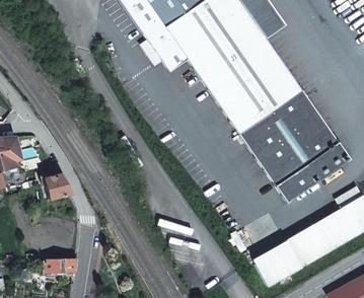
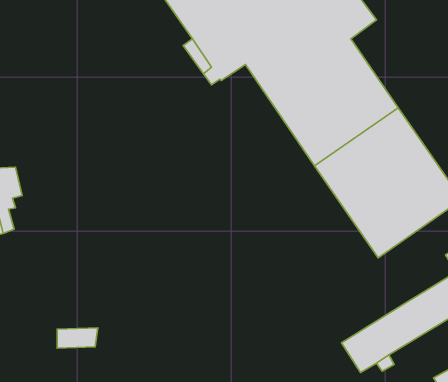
building: [45,170,70,197] -> none

